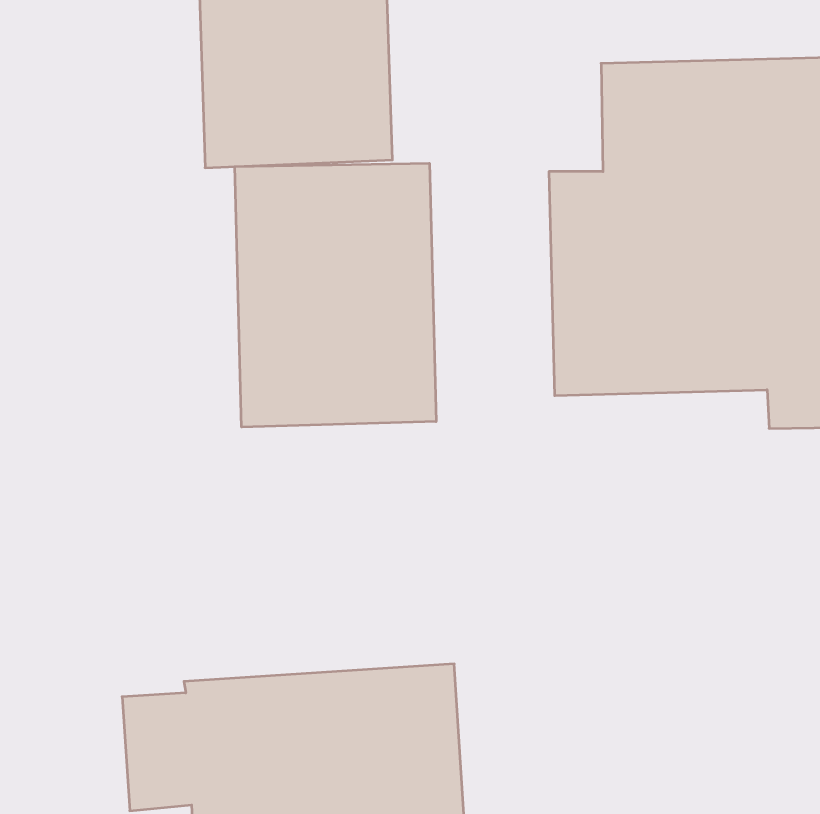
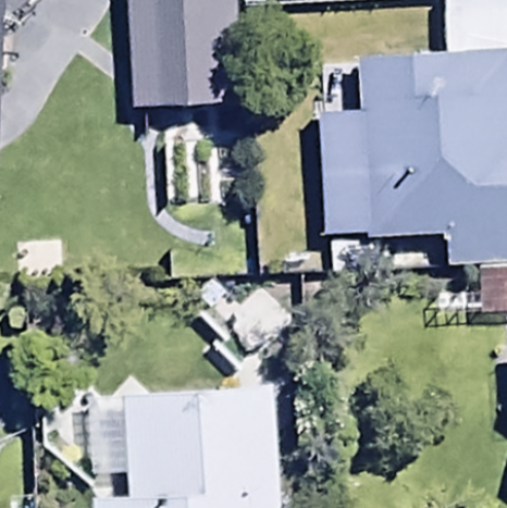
building: [235,163,436,427] -> none

